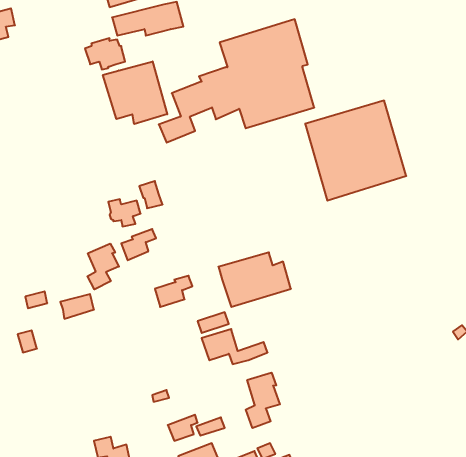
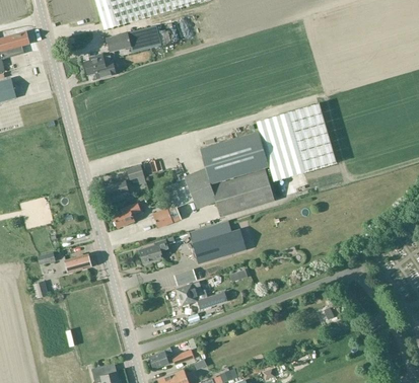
building: [159,19,314,143] -> [152,132,274,228]
building: [103,61,167,124] -> none
building: [87,244,119,289] -> none
building: [246,373,280,428] -> none

